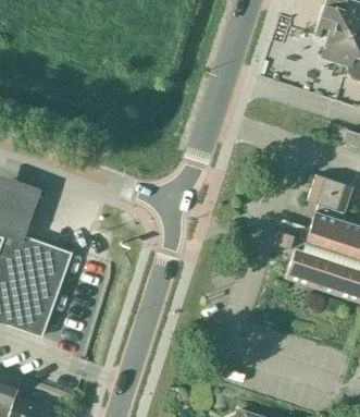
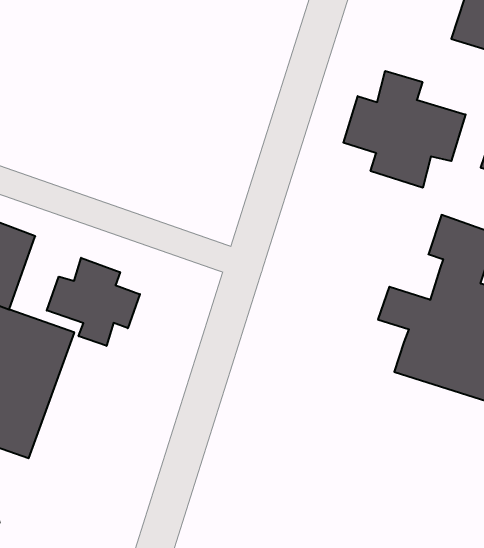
building: none -> [343,71,466,188]
building: none -> [47,258,140,346]

